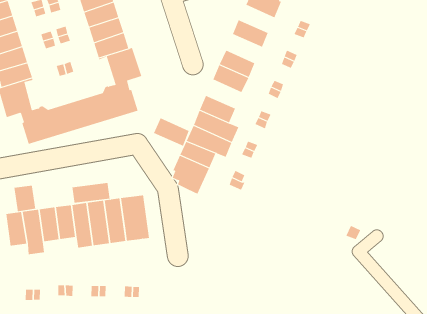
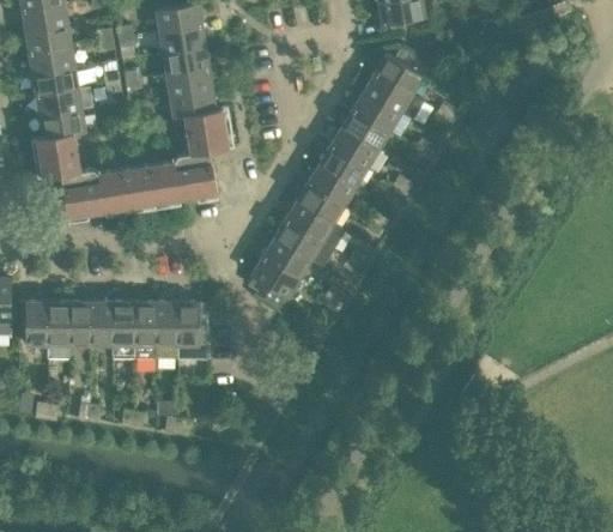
building: none -> [363,74,423,122]
building: none -> [341,110,389,152]
building: [153,117,190,146] -> [306,165,354,207]
building: [72,182,110,203] -> none
building: [14,185,36,212] -> none

